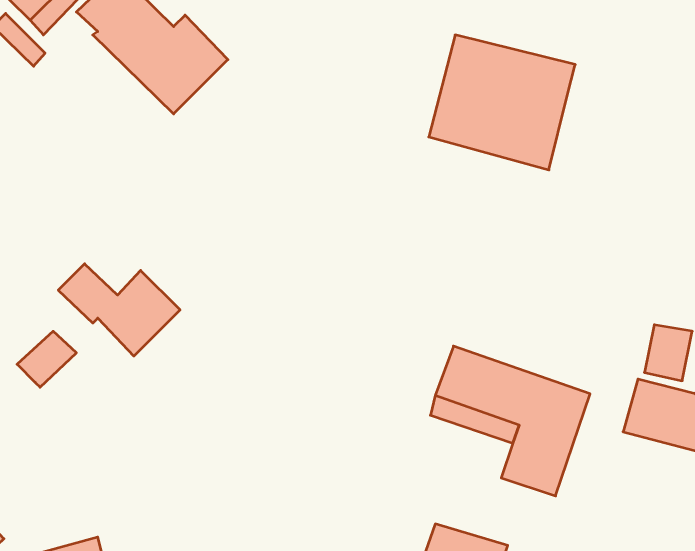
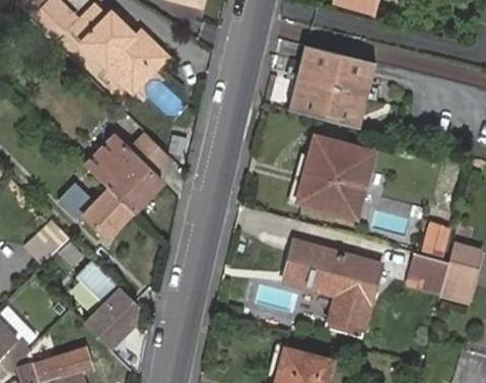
building: none -> [85,135,167,212]
building: none -> [303,138,374,210]
building: none -> [75,261,136,350]

